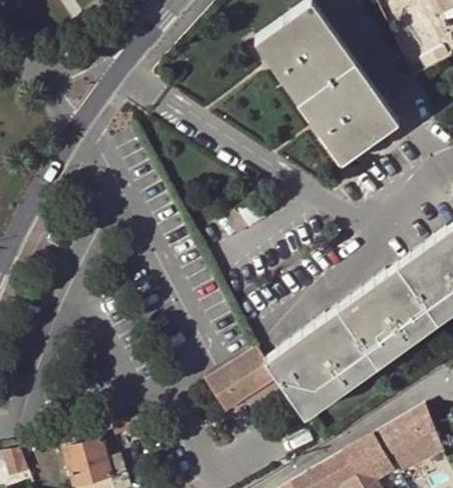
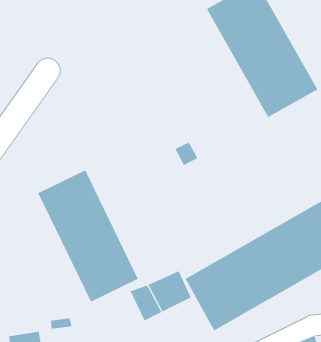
building: none -> [38,169,139,302]

